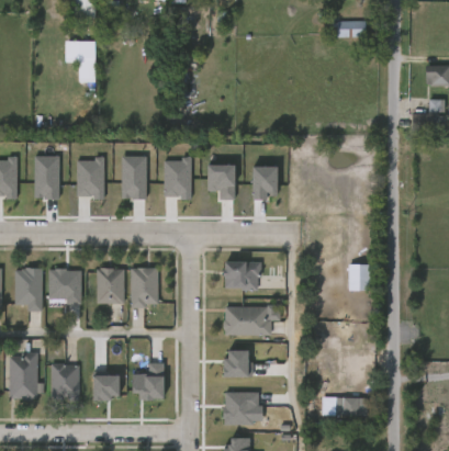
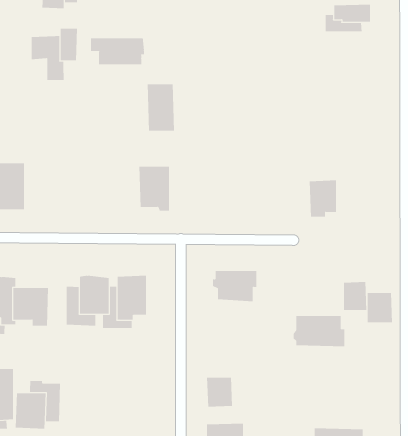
building: none -> [90,37,144,65]
building: [120,157,145,200] -> [147,84,175,131]
building: [75,160,103,200] -> none
building: [205,166,234,201] -> none
building: [250,167,276,201] -> [309,180,337,217]
building: none -> [367,292,392,323]
building: [232,300,279,328] -> [293,315,345,347]
building: [131,363,162,399] -> none
building: [92,372,119,399] -> none

